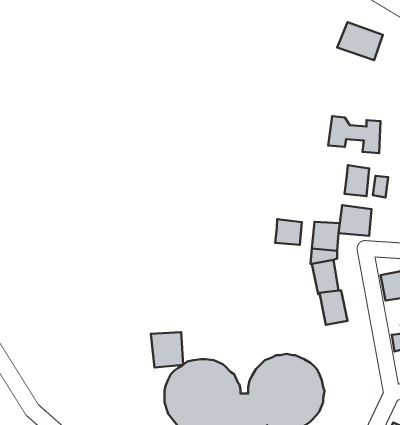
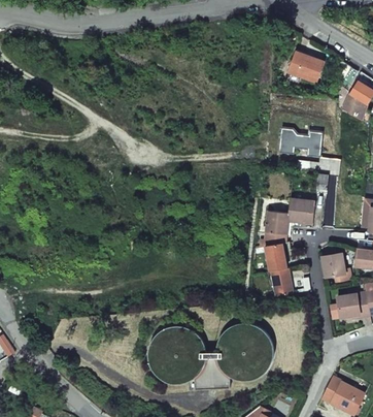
building: [345,165,369,196] -> none
building: [275,219,302,245] -> none
building: [151,332,183,368] -> none

